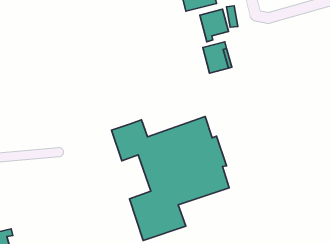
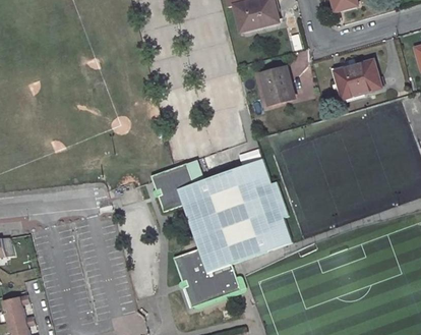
building: [200,9,228,42] -> none
building: none -> [333,60,379,100]

